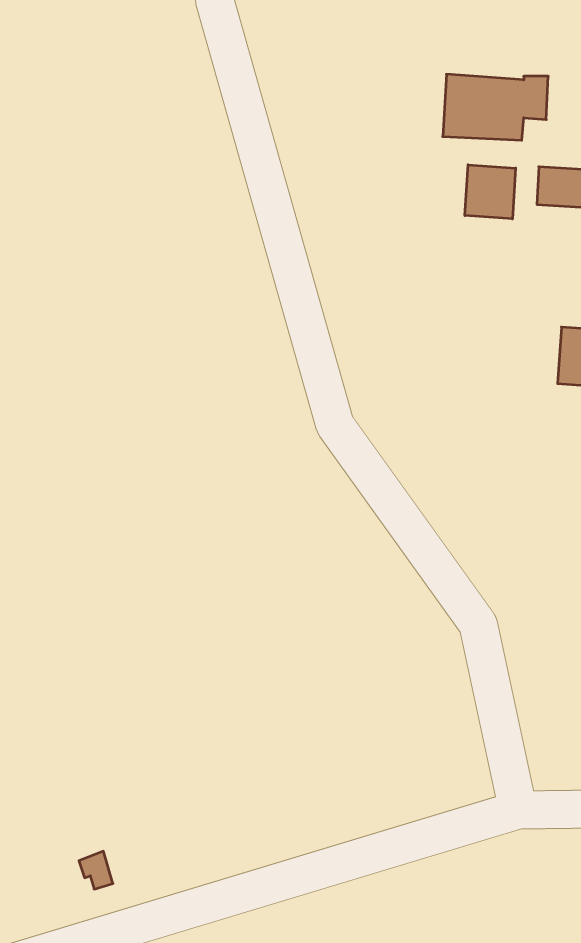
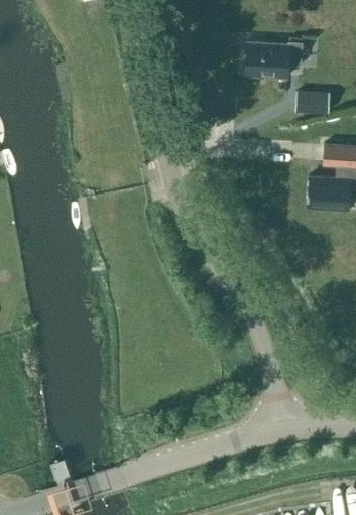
building: [465,165,516,219] -> none

